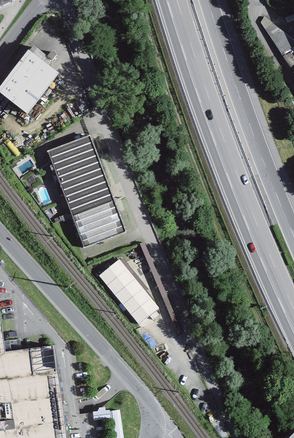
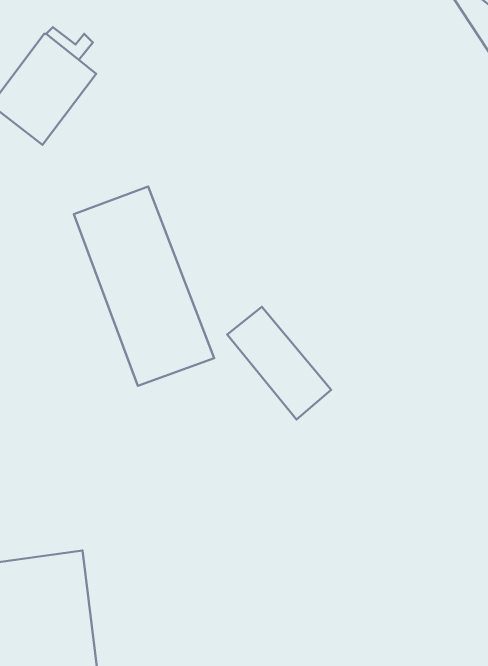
building: [98,259,158,324] -> [227,307,331,419]

